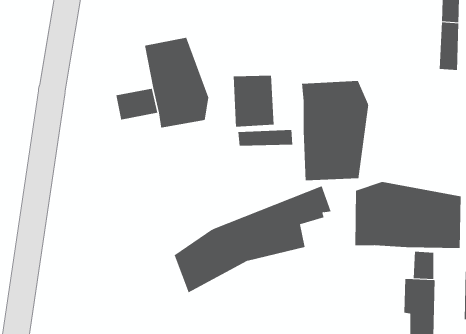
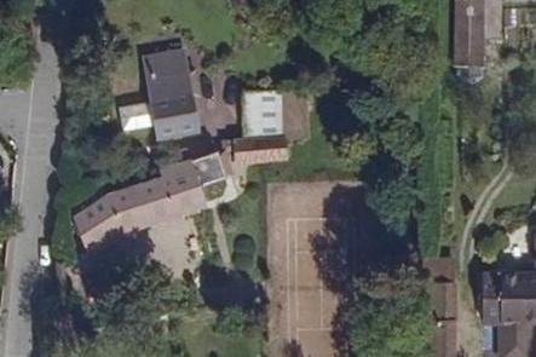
building: [302,80,369,181] -> none
building: [355,181,461,249] -> none
building: [174,186,331,293] -> [79,145,240,255]

